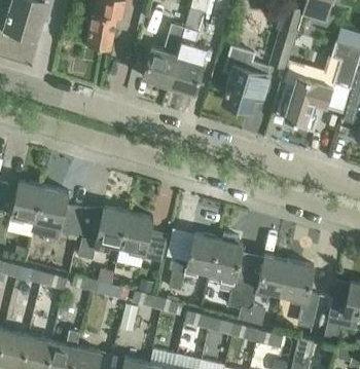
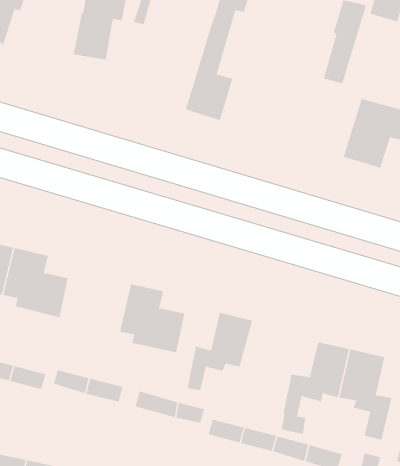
building: [142,10,189,85] -> none
building: [222,45,271,110] -> none
building: [76,207,128,261] -> none
building: [208,239,245,308] -> none

